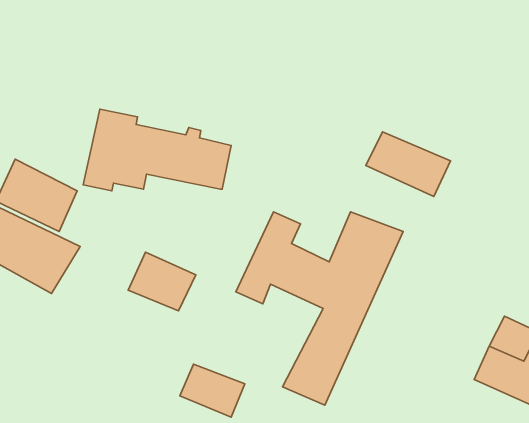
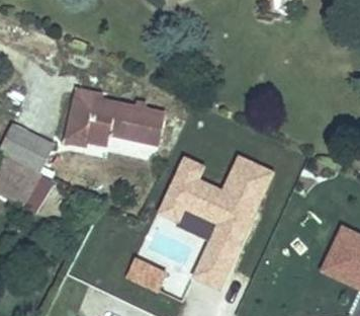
building: [366,132,451,196] -> none
building: [128,252,196,311] -> none

